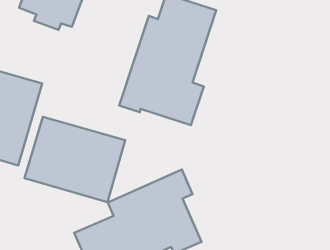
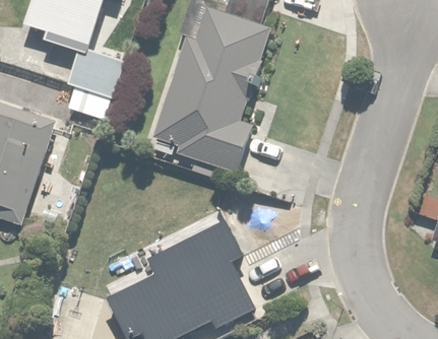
building: none -> [67,49,124,120]
building: [25,117,125,202] -> none

